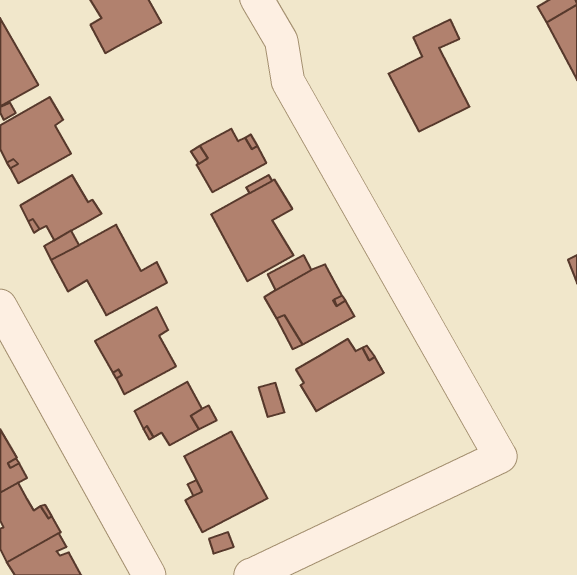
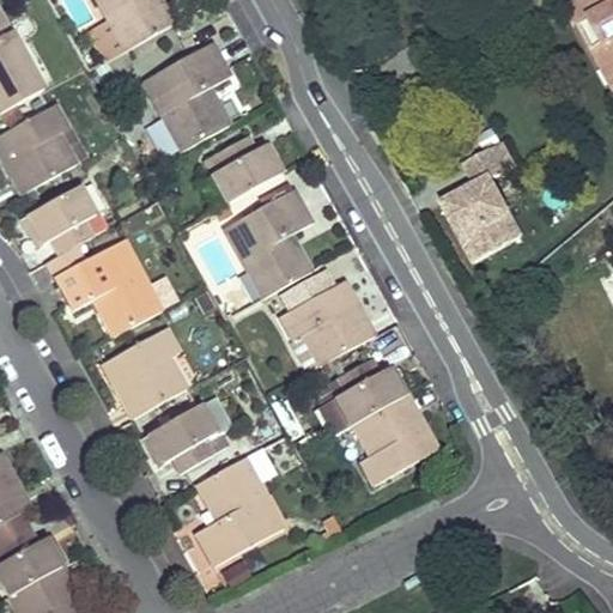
building: [388,20,470,131] -> [442,145,528,263]
building: none -> [141,44,227,150]
building: none -> [350,395,437,485]

